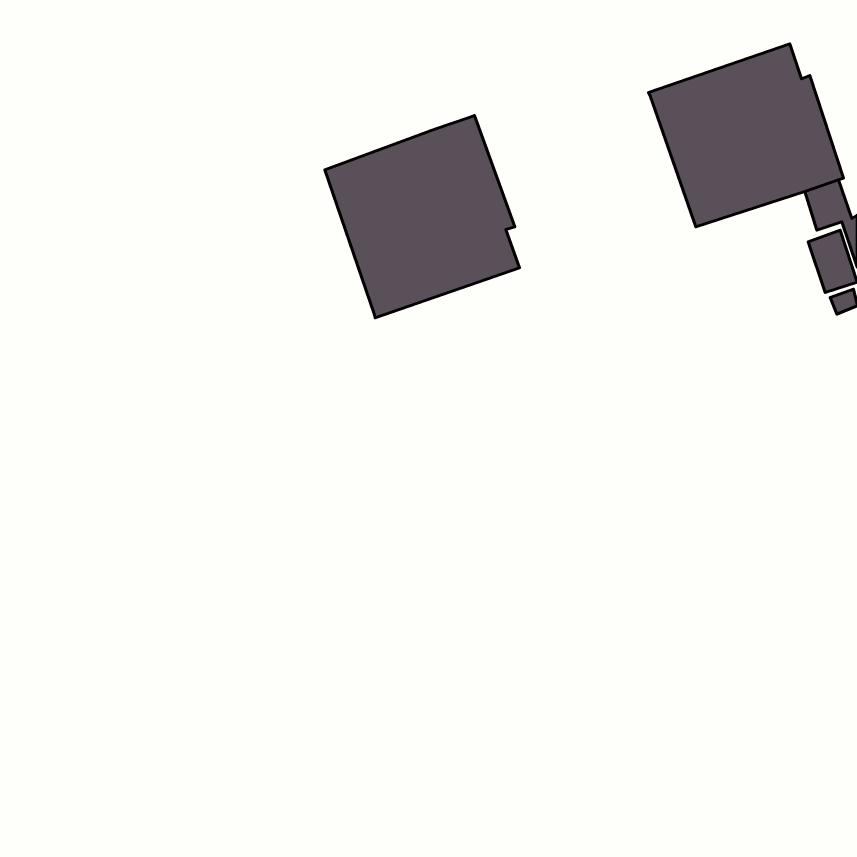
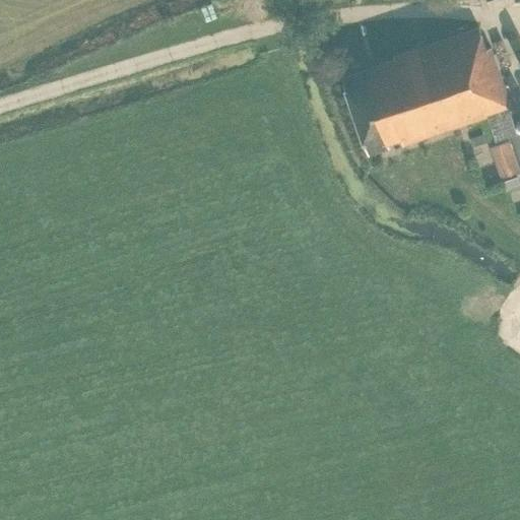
building: none -> [341,59,420,154]
building: [325,116,520,318] -> none

